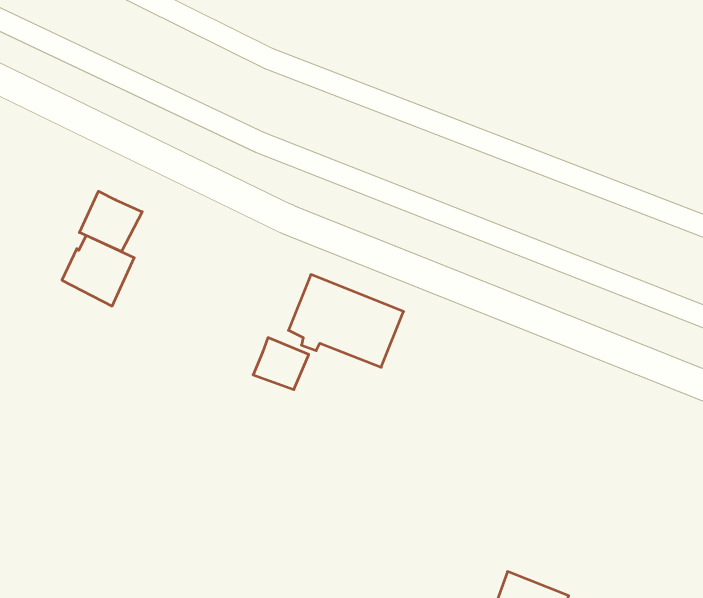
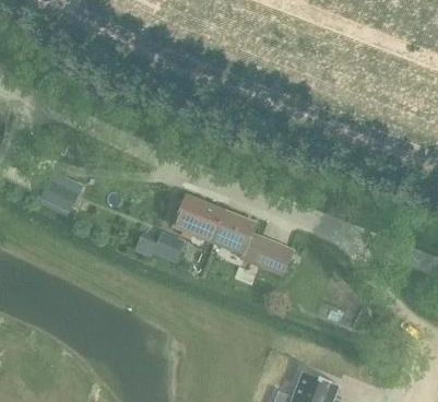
building: [79,191,142,252] -> none
building: none -> [227,216,291,275]

